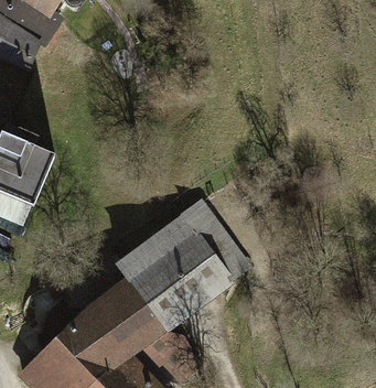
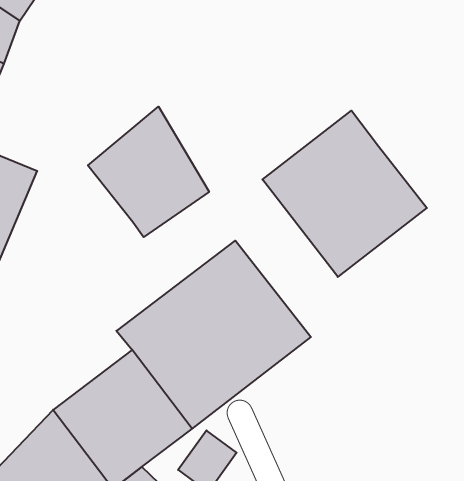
building: none -> [88,107,209,237]
building: none -> [262,111,427,277]

